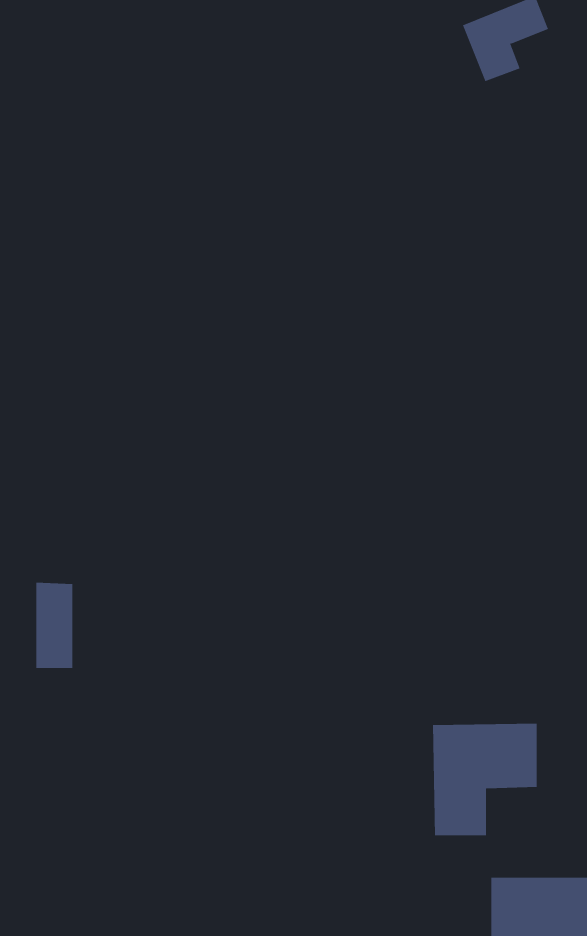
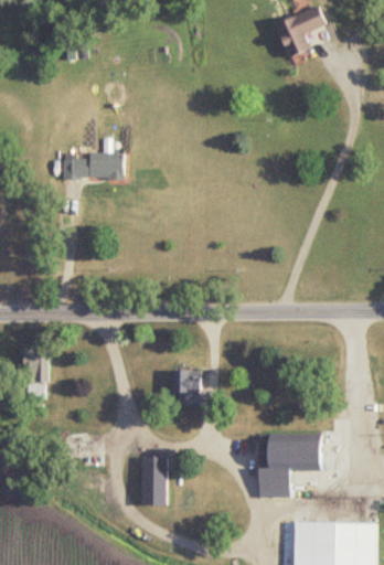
building: none -> [63,153,124,178]
building: none -> [175,370,203,404]
building: none -> [141,457,168,505]

